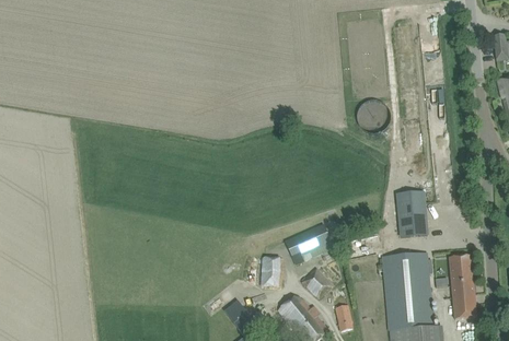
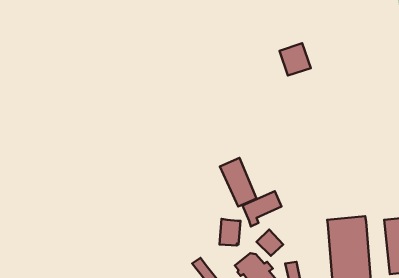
building: [356,96,392,133] -> [279,43,311,76]
building: none -> [220,158,257,206]
building: [396,190,426,236] -> none

